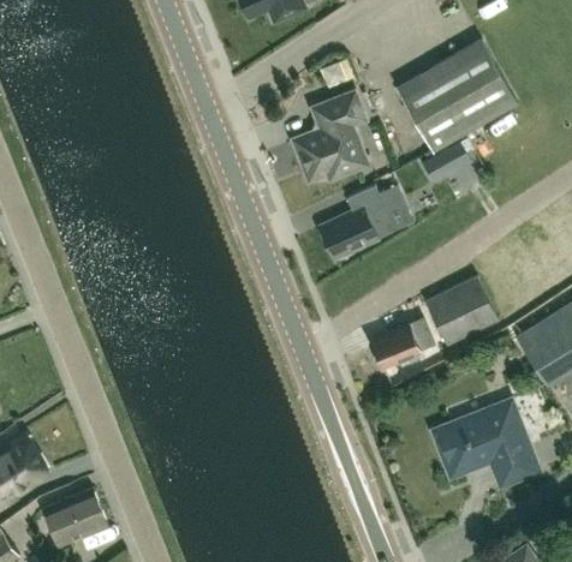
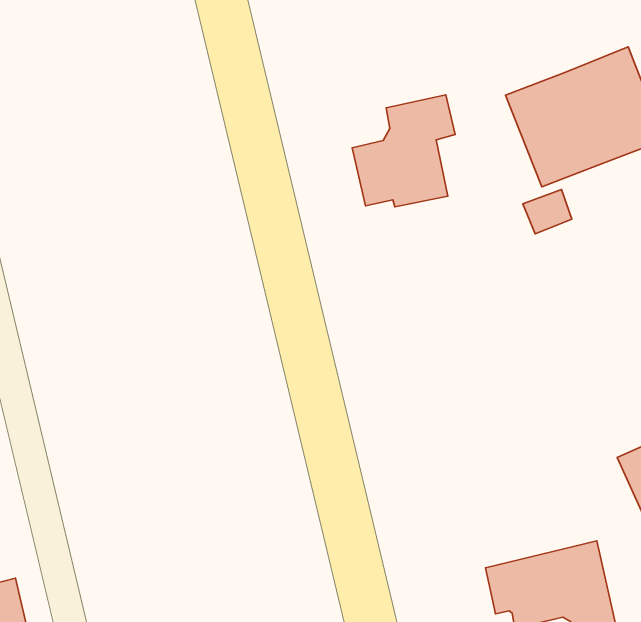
building: [320,185,413,258] -> none
building: [424,275,497,346] -> none
building: [371,318,433,367] -> none

